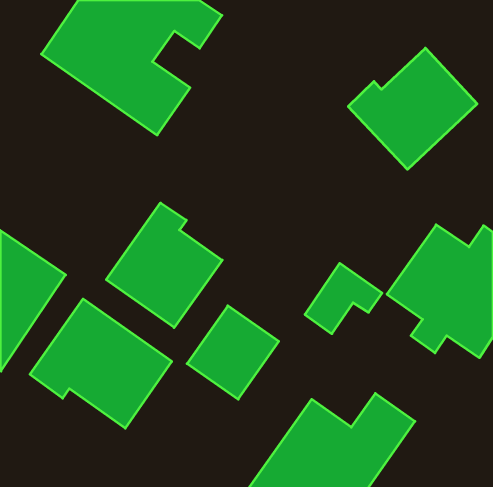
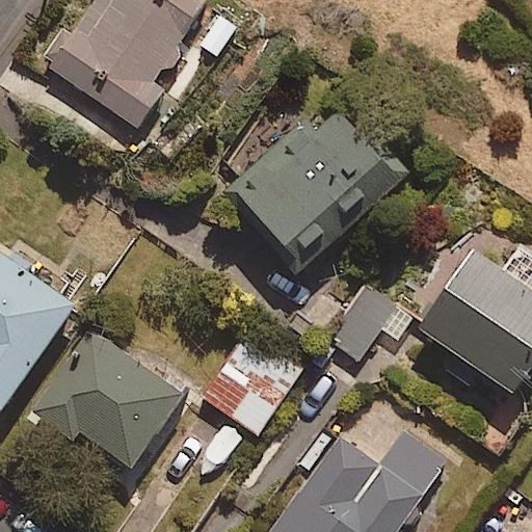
building: [348,48,477,169] -> none
building: none -> [223,94,405,273]
building: [106,203,222,328] -> none

